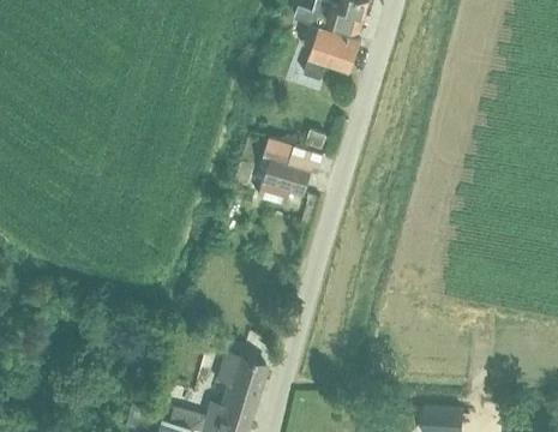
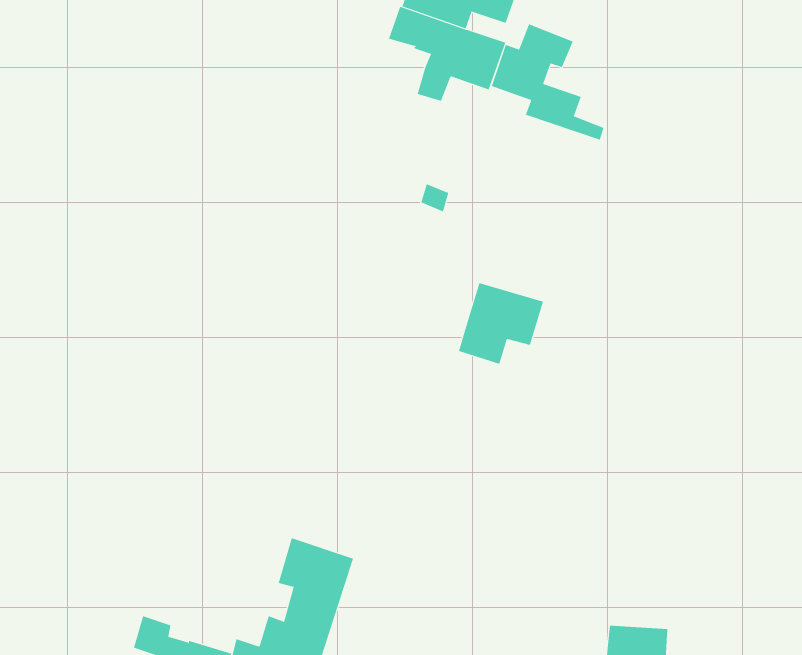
building: none -> [491,24,604,141]
building: [258,152,312,204] -> [458,283,544,364]

